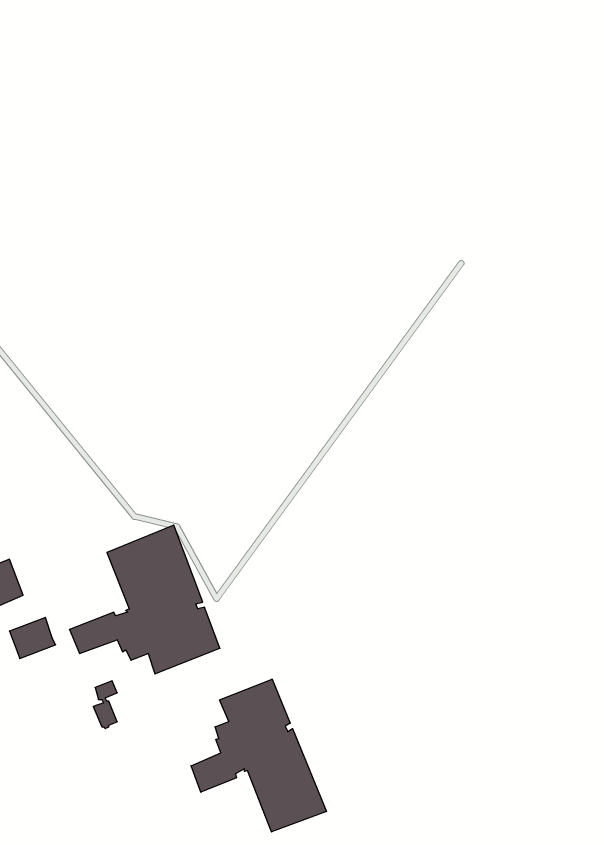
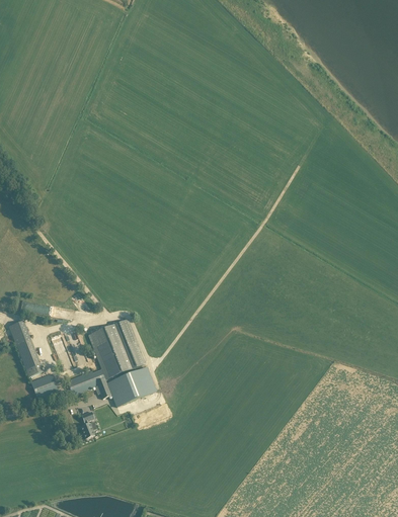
building: [191,679,326,832] -> none

